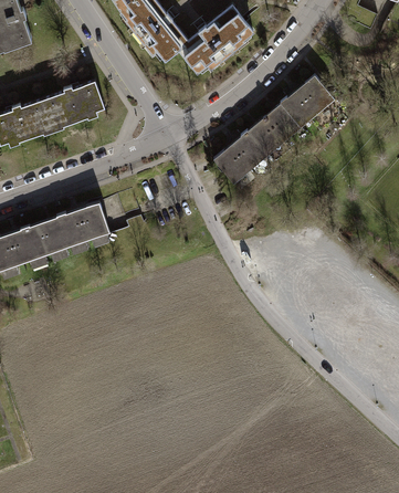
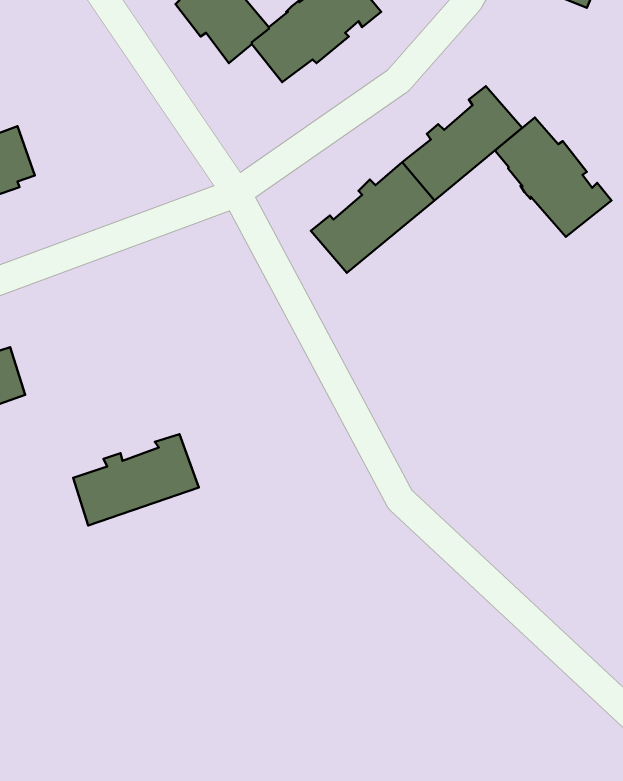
building: [42,81,104,127] -> none
building: none -> [496,118,612,237]
building: [38,201,111,254] -> [73,434,199,526]

